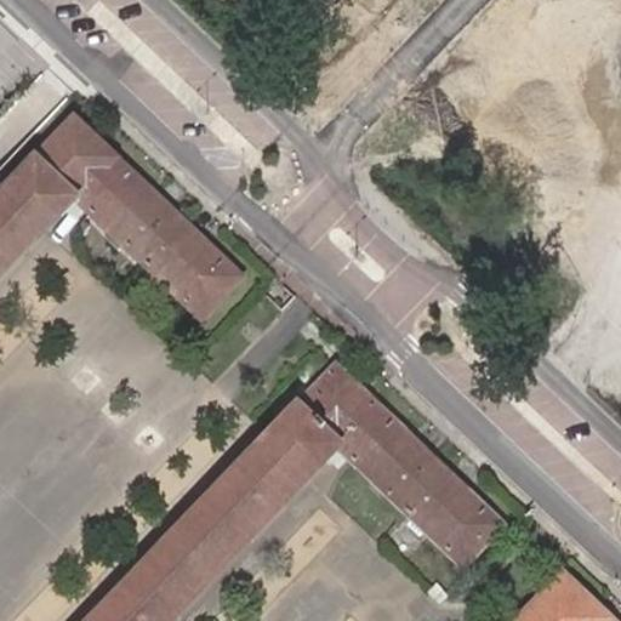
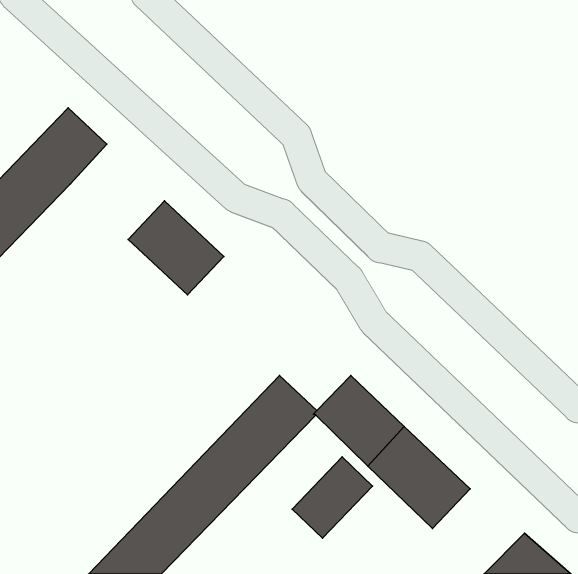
building: [75,154,176,256] -> none
building: [298,364,375,439] -> none
building: none -> [292,457,372,538]

